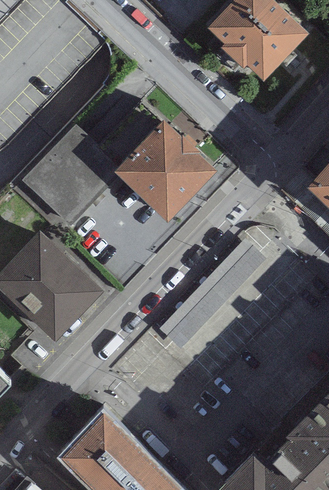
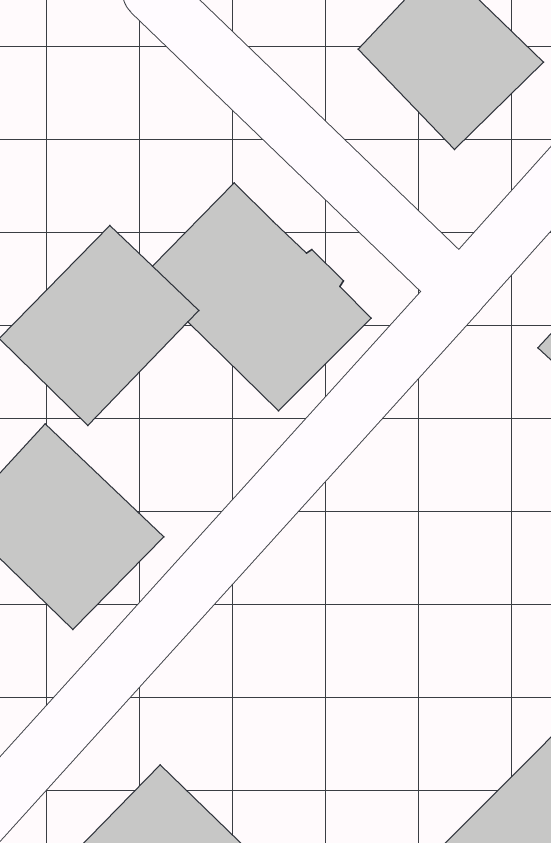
building: [160,235,267,345] -> none

